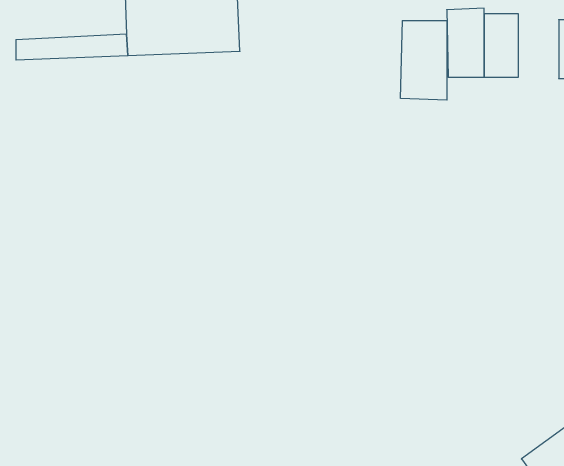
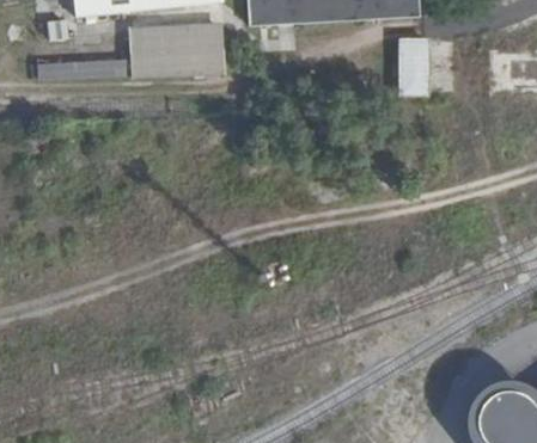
building: [401,21,447,100] -> none

